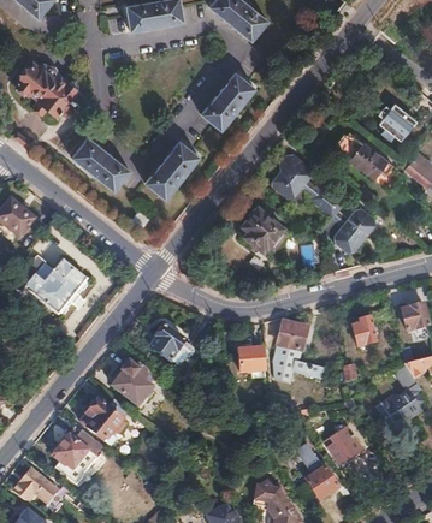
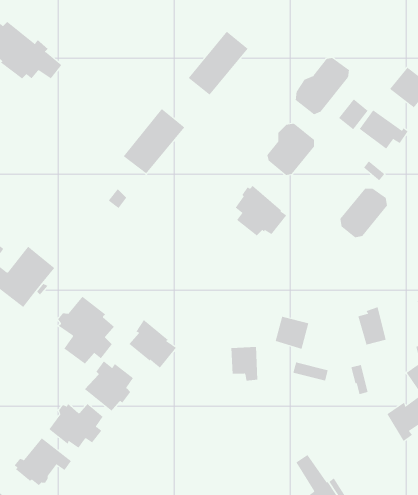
building: none -> [295,57,349,115]
building: [72,137,130,190] -> none
building: none -> [57,296,115,365]
building: [329,429,361,465] -> none

